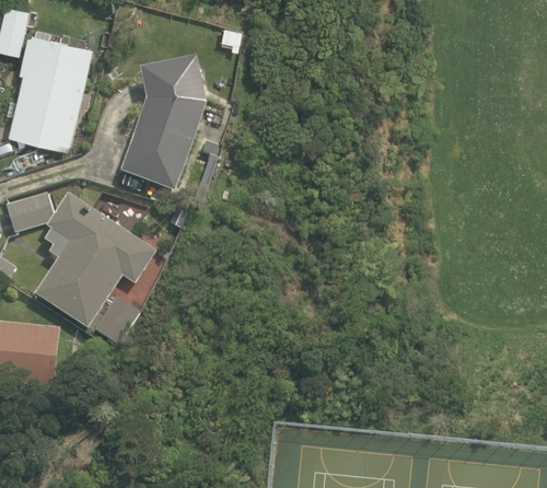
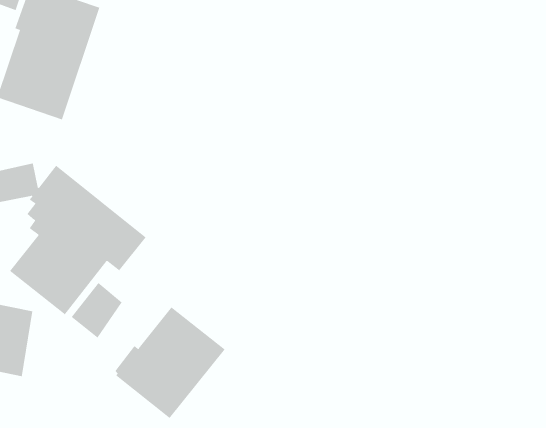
building: [119,56,206,191] -> none
building: none -> [115,306,226,419]

